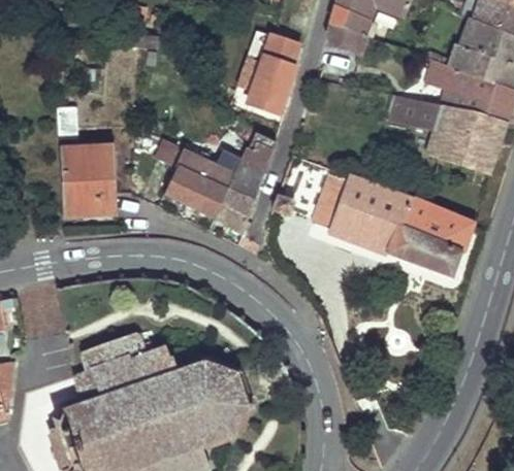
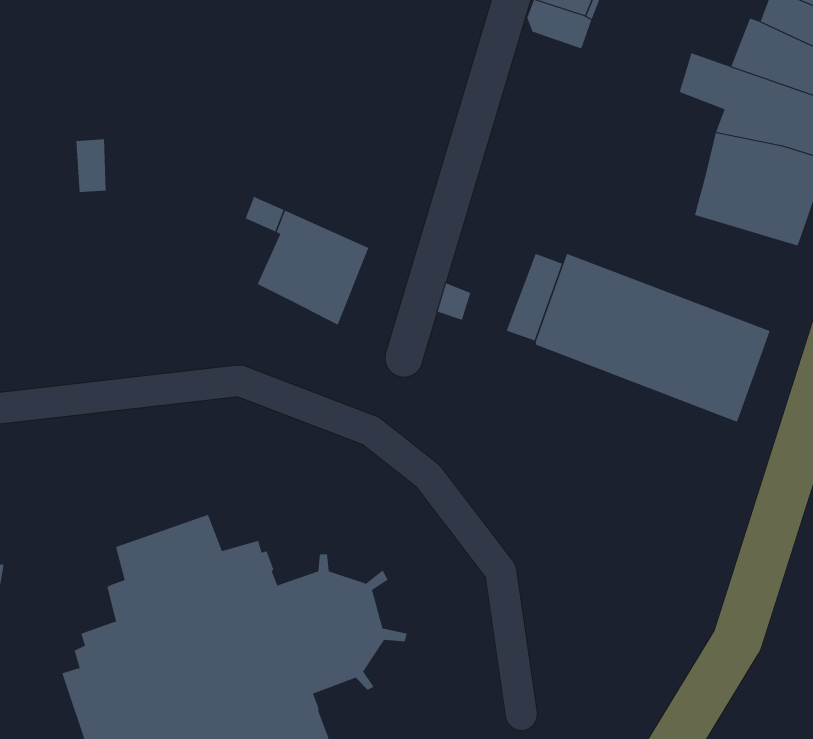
building: [249,34,297,109] -> none
building: [390,95,440,129] -> none
building: [215,131,276,231] -> none
building: [60,145,113,212] -> none

